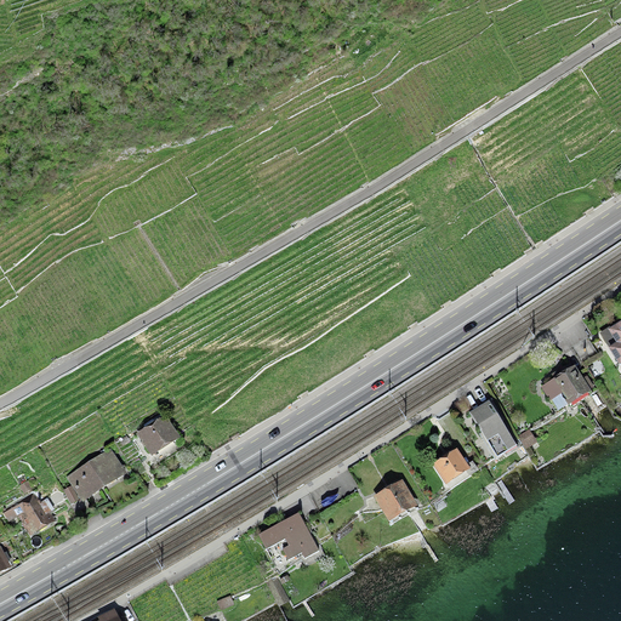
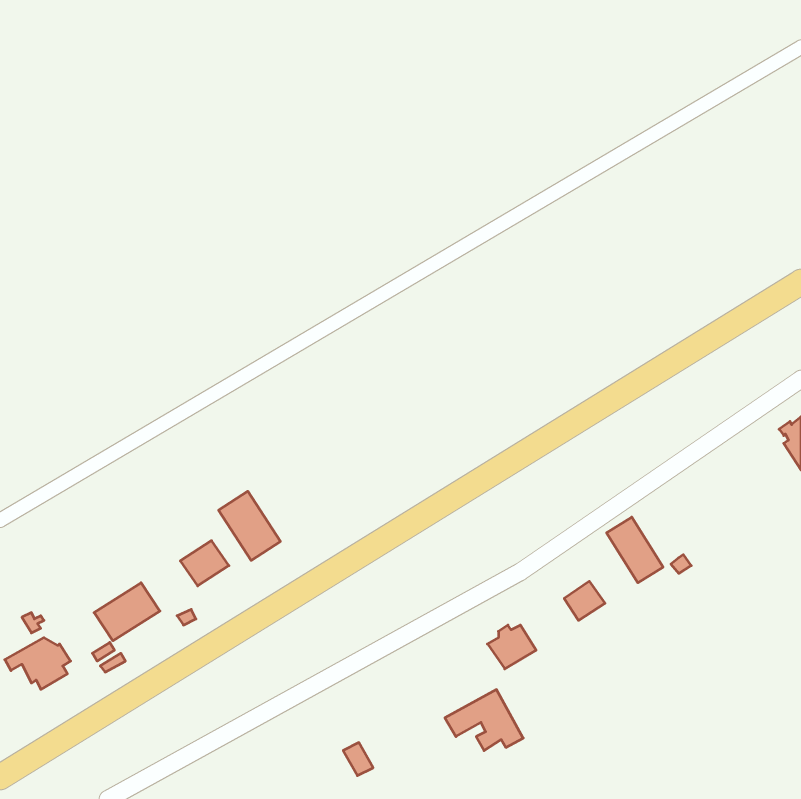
building: [542,366,589,400] -> none
building: none -> [219,491,280,560]
building: [258,512,319,559] -> [445,690,523,751]

